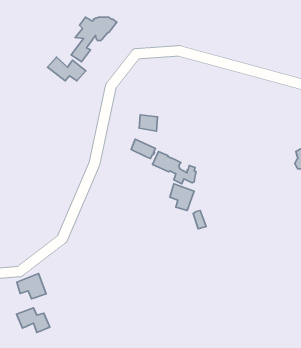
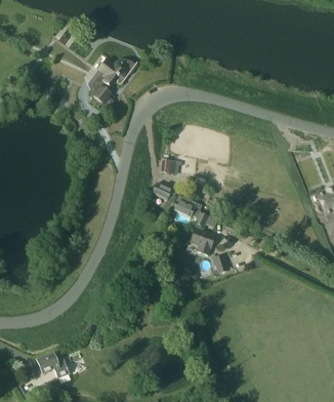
building: [47,57,86,81] -> none
building: [17,274,46,299] -> none

